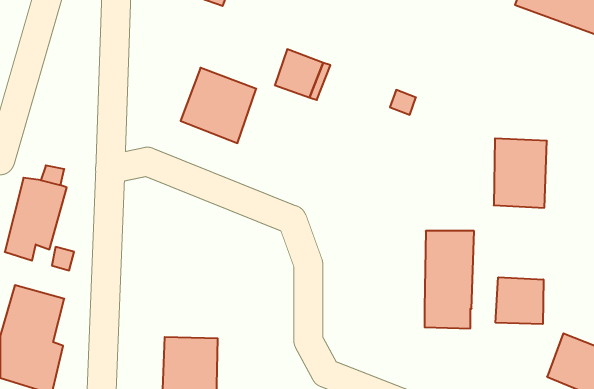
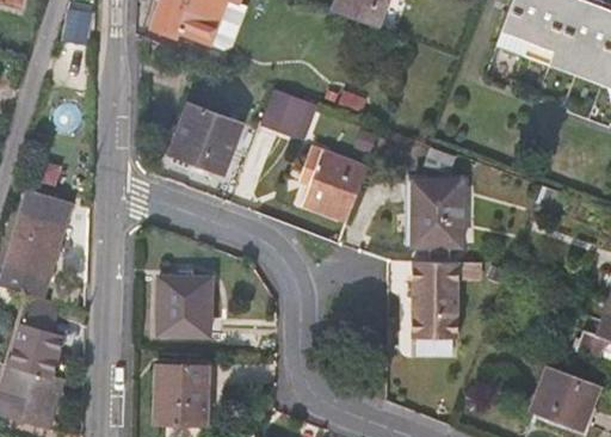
building: none -> [301,147,365,220]
building: [494,138,547,208] -> [411,180,462,247]
building: none -> [156,277,210,334]
building: [496,277,543,324] -> none

